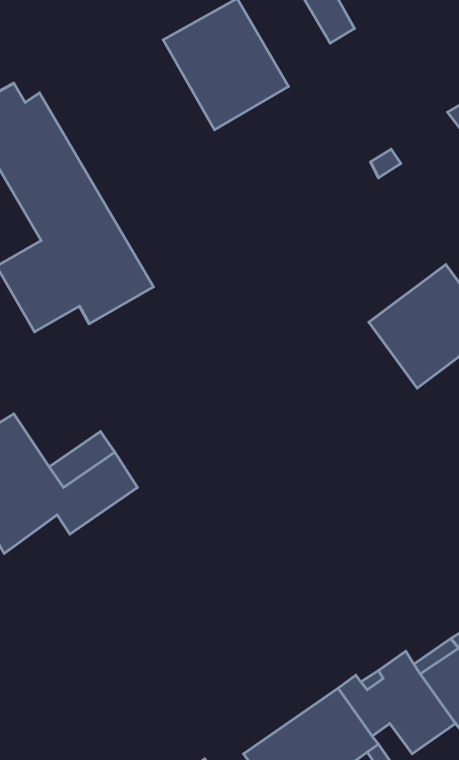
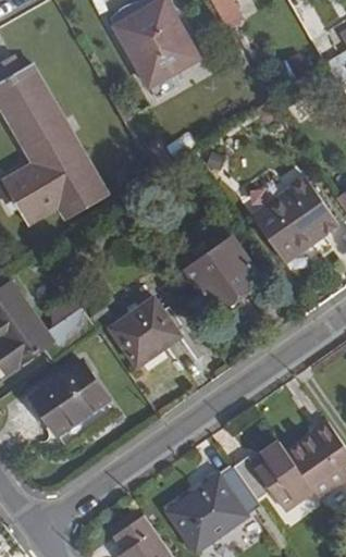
building: none -> [186,238,259,309]
building: none -> [109,298,180,368]
building: none -> [32,362,108,434]

